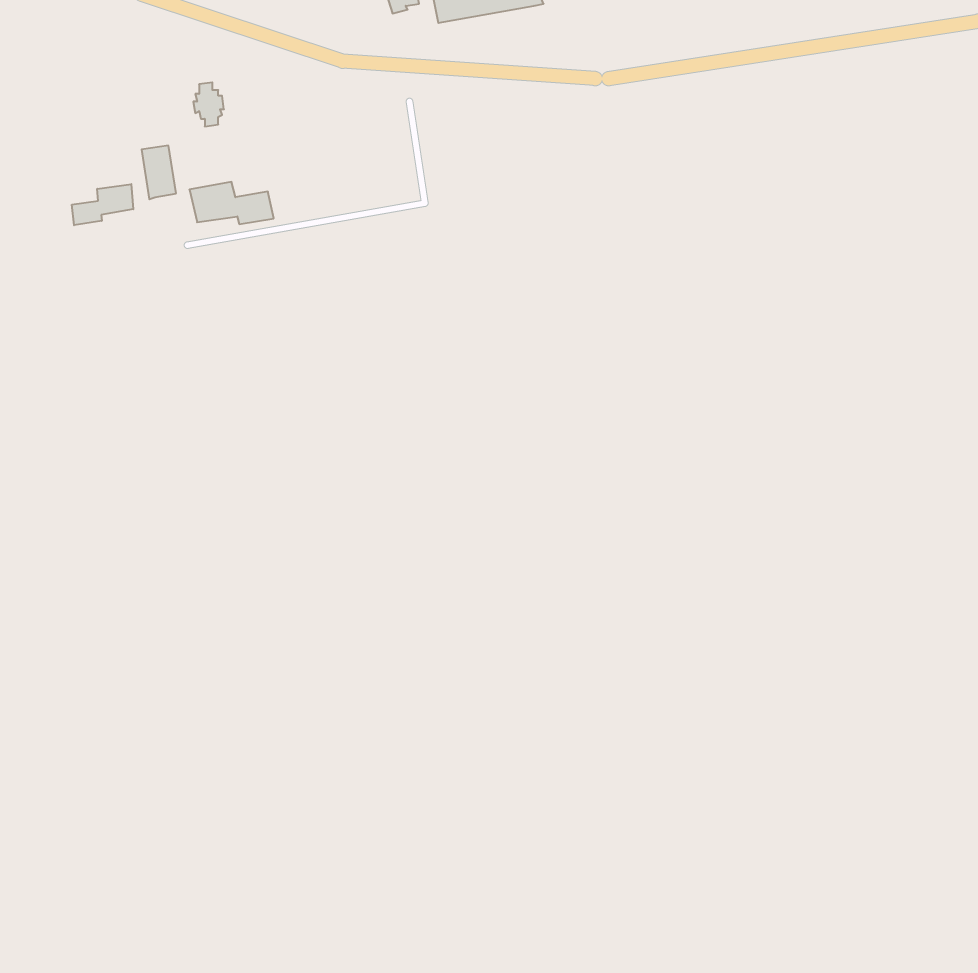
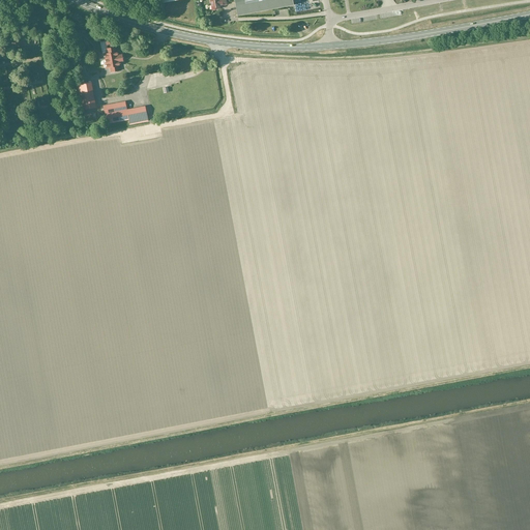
building: [72,184,133,225] -> none

